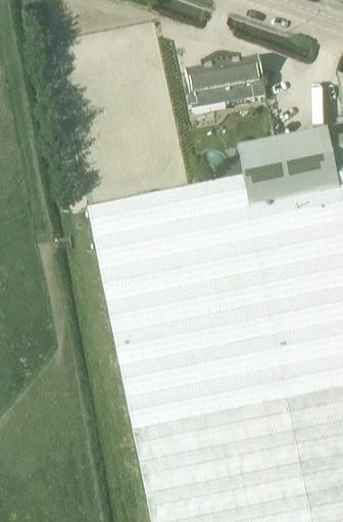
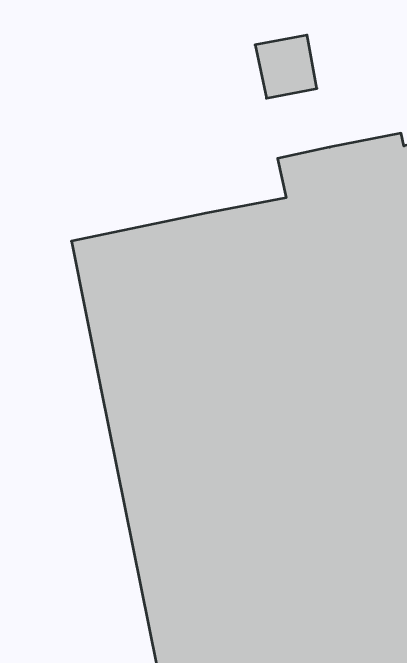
building: [185,66,230,111] -> none

